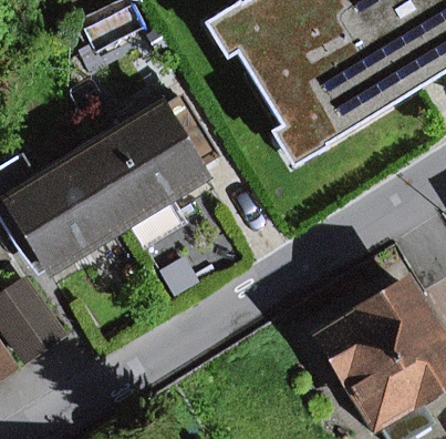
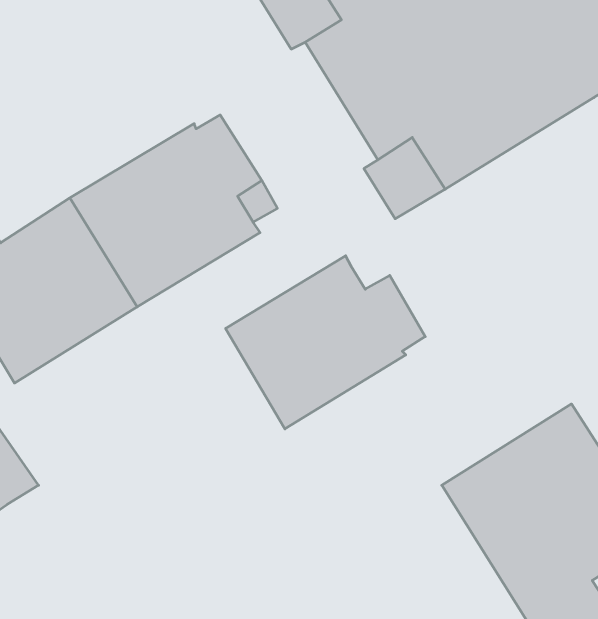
building: none -> [226,256,425,429]

